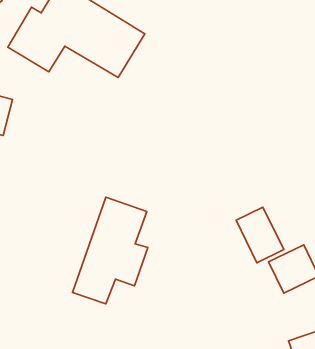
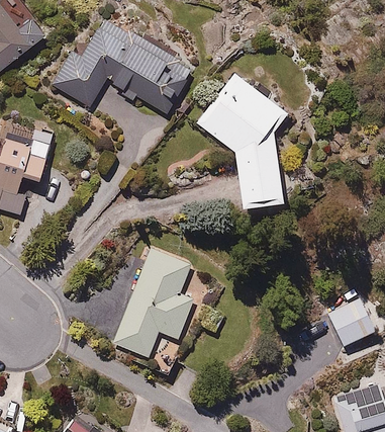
building: none -> [195,70,290,206]
building: [236,207,284,263] -> none

